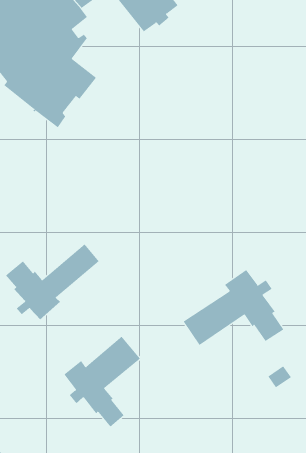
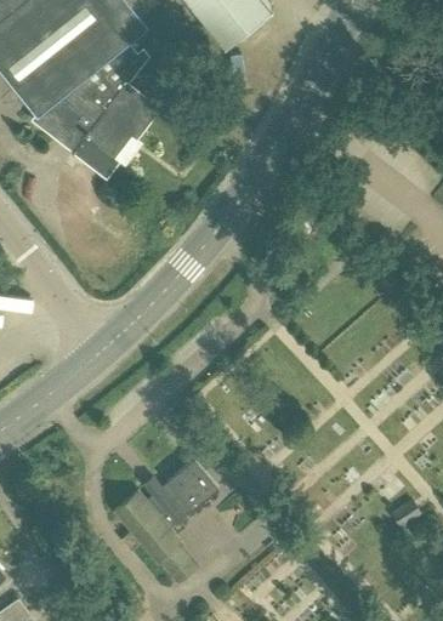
building: [5,244,100,320] -> none
building: [183,269,284,346] -> none

